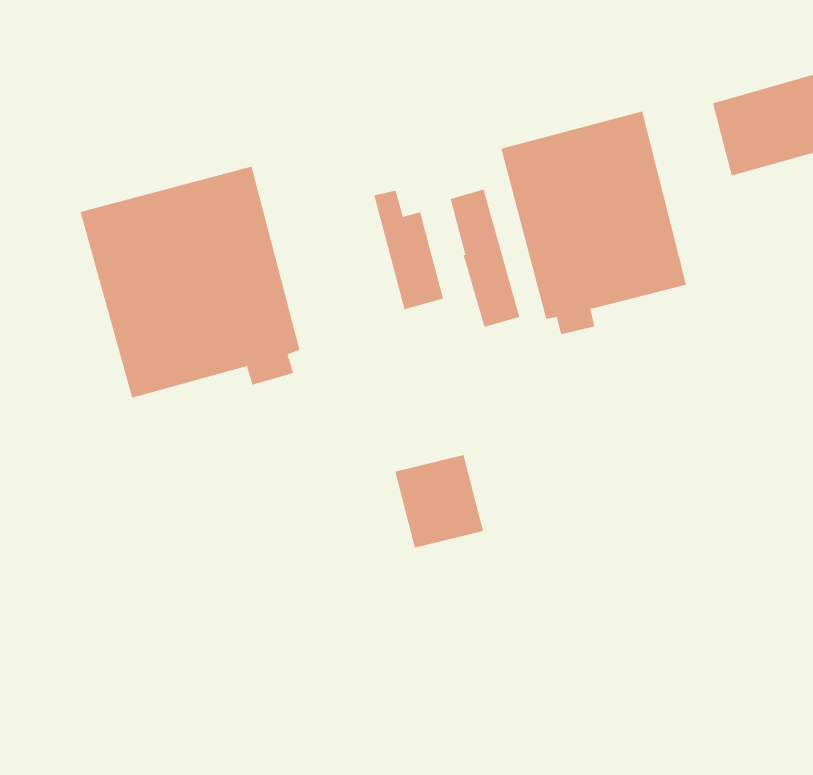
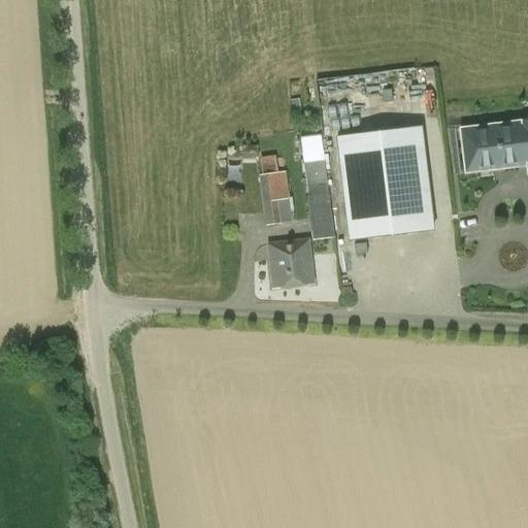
building: [80,166,300,399] -> none
building: [395,455,484,548] -> [267,238,314,288]

